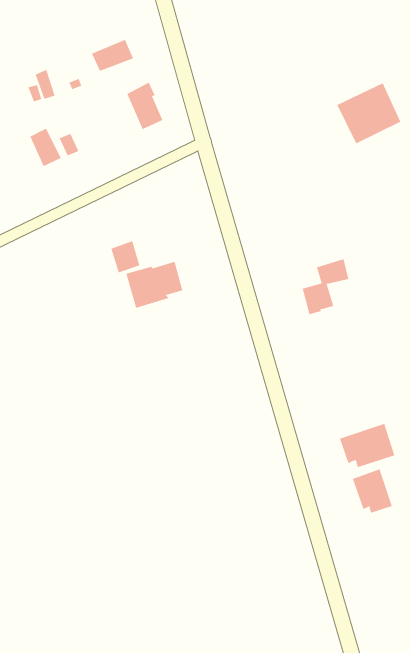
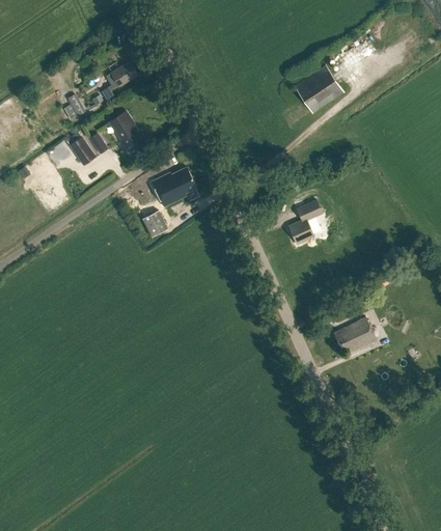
building: [126,82,163,130] -> [110,110,140,146]
building: [126,261,183,309] -> [151,166,196,205]
building: [352,469,393,514] -> none

